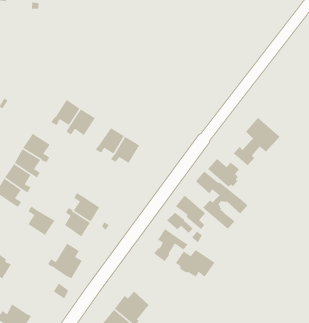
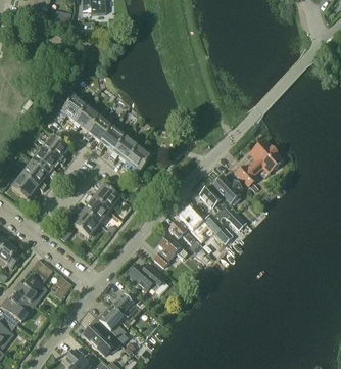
building: none -> [57,95,87,121]
building: none -> [96,126,126,151]
building: [27,206,56,236] -> [93,180,119,210]
building: [47,242,83,279] -> [13,270,47,305]
building: [175,249,215,278] -> [128,264,165,291]

